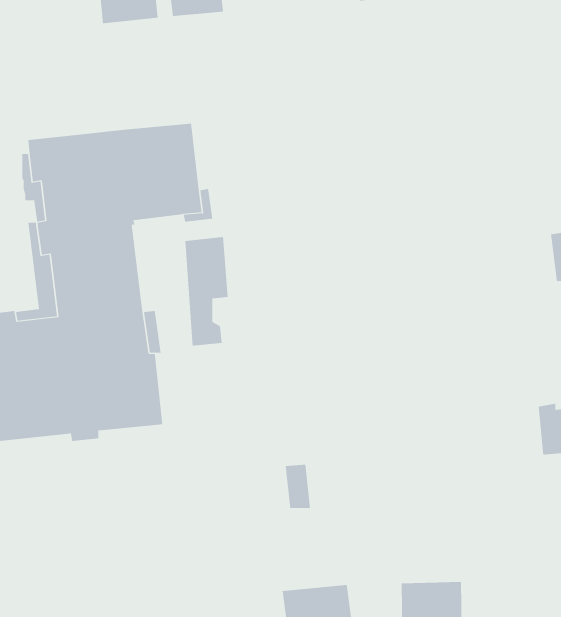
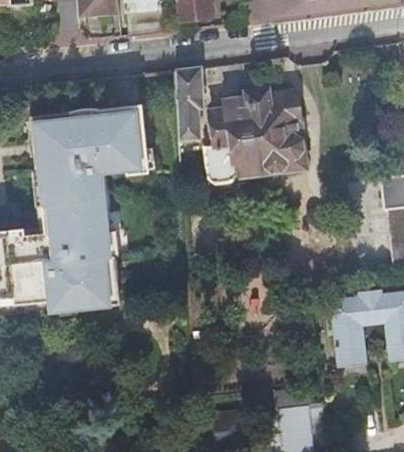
building: none -> [204,88,305,193]
building: [184,236,229,346] -> [174,67,204,139]
building: none -> [330,291,373,366]

